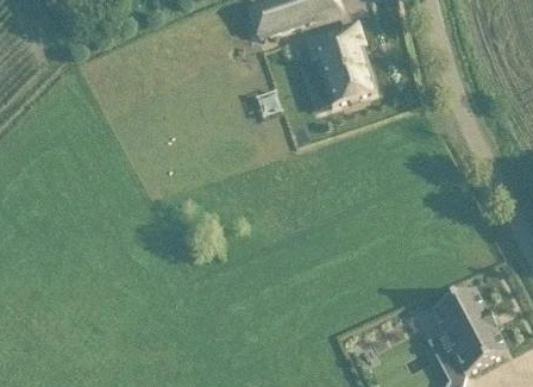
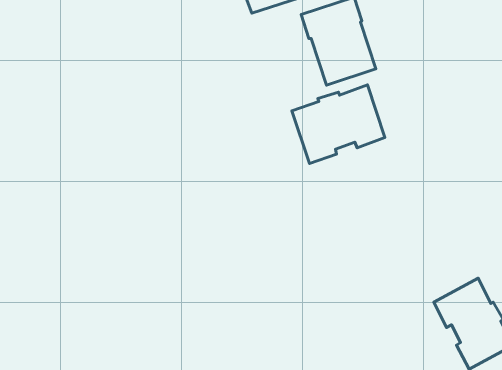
building: none -> [292,85,385,164]

